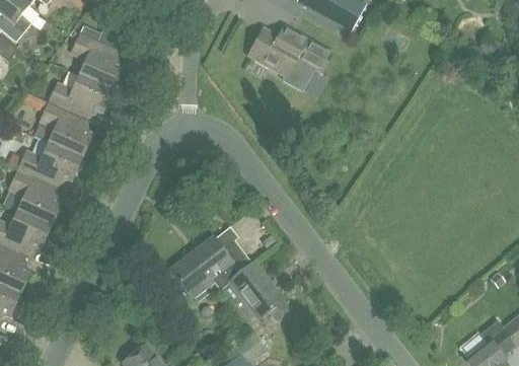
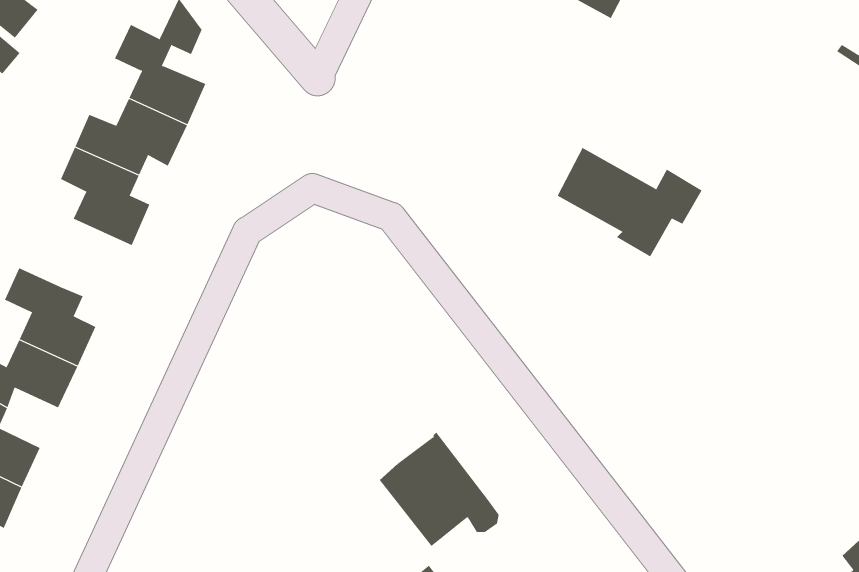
building: [249,27,331,89] -> [557,147,703,257]
building: [17,142,81,180] -> none
building: [169,226,250,293] -> none

